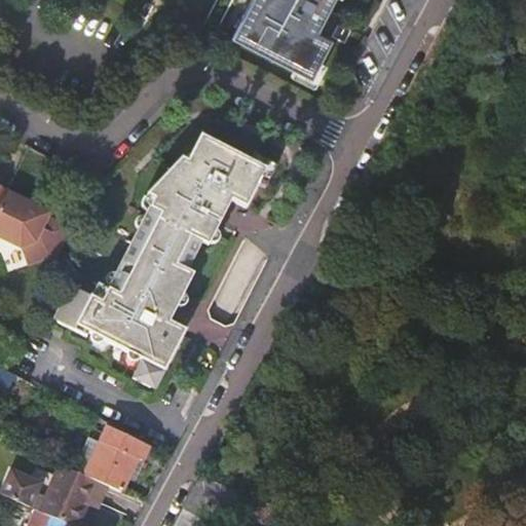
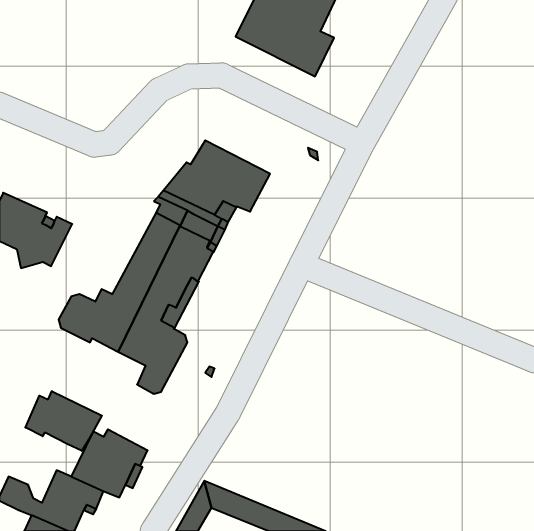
building: none -> [25,391,102,451]

